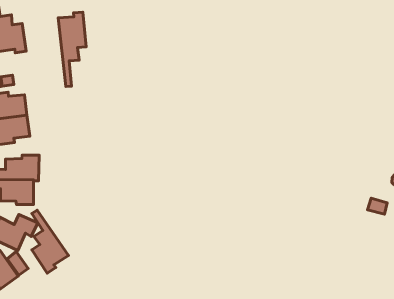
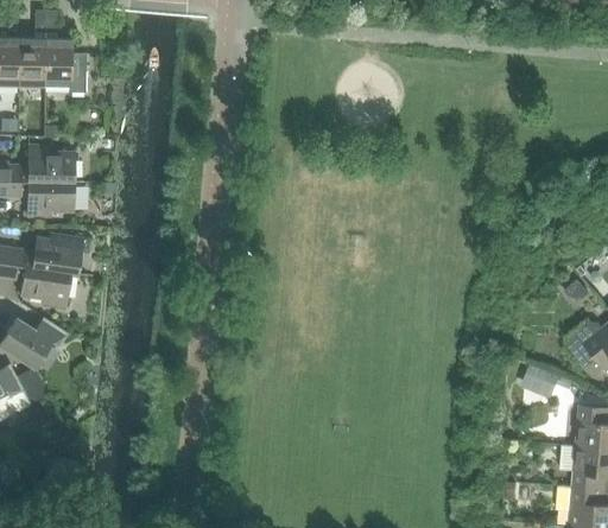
building: [58,12,86,86] -> none
building: [32,210,68,273] -> none

